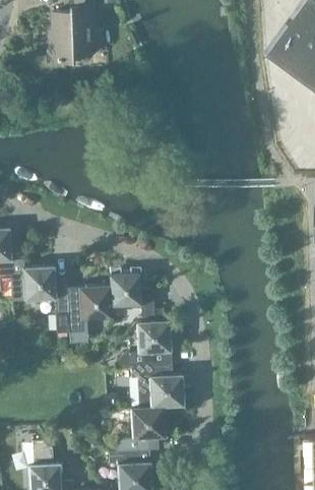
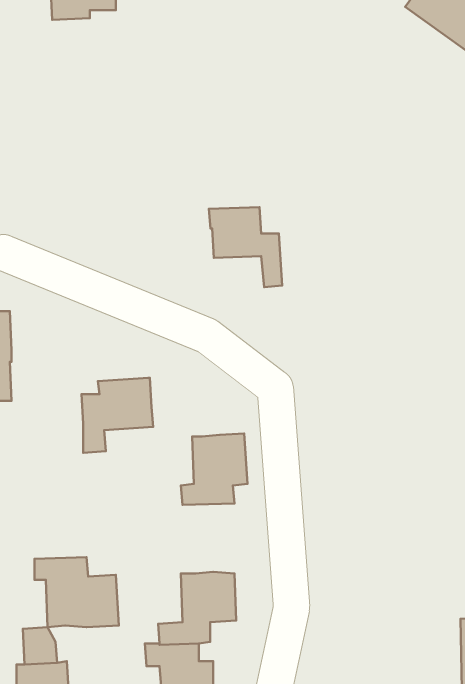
building: [23,267,69,329] -> none
building: [109,273,154,323] -> [209,207,282,287]
building: [131,365,184,409] -> [34,557,119,627]

